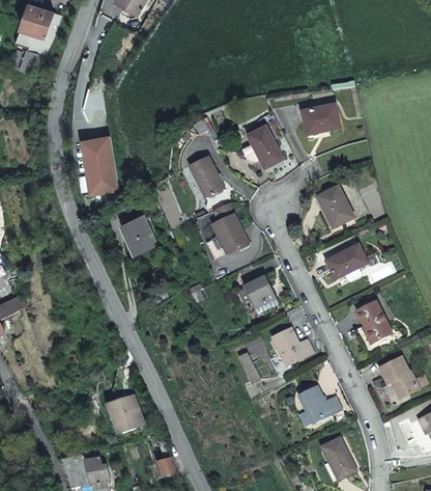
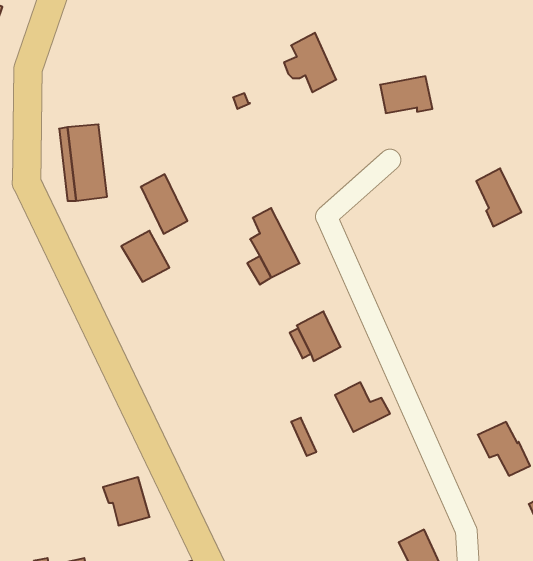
building: [246,125,284,168] -> [284,33,336,92]
building: [191,153,225,196] -> [141,174,187,234]
building: [324,185,357,227] -> [476,168,521,226]
building: [328,244,370,278] -> none
building: [360,301,394,342] -> none
building: [301,384,342,420] -> none

